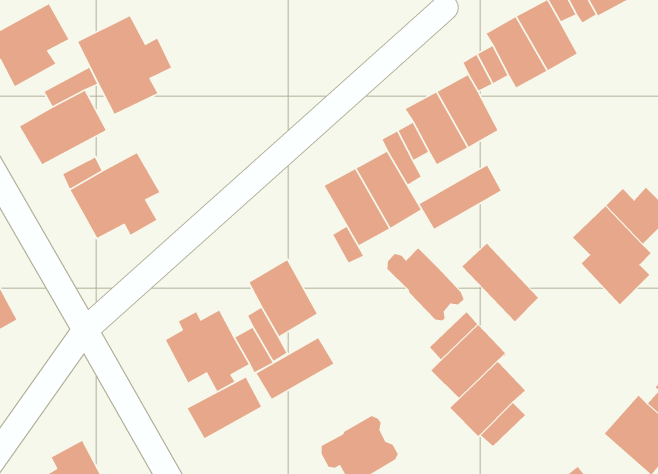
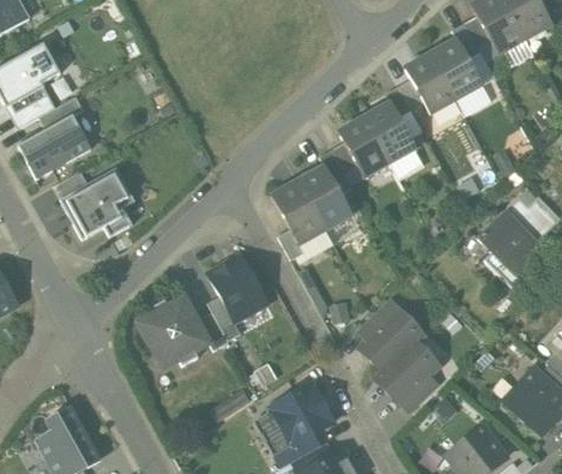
building: [77,15,172,115] -> none
building: [418,164,516,230] -> none
building: [461,243,539,322] -> none
building: [387,247,465,321] -> none
building: [255,337,335,400] -> none
building: [187,376,262,439] -> none

